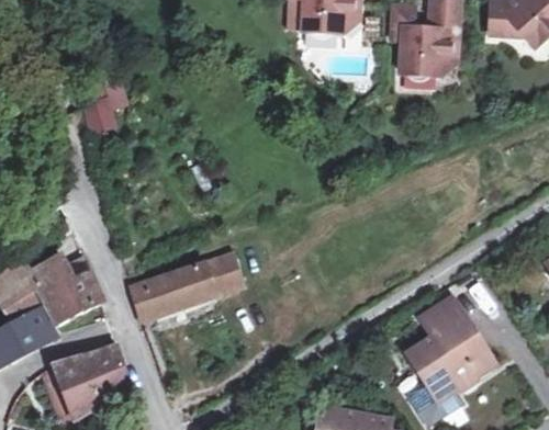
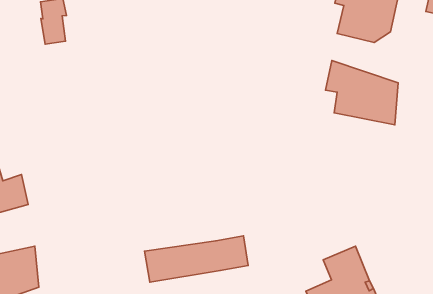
building: none -> [325,60,398,125]
building: [131,254,243,319] -> [145,236,248,282]

